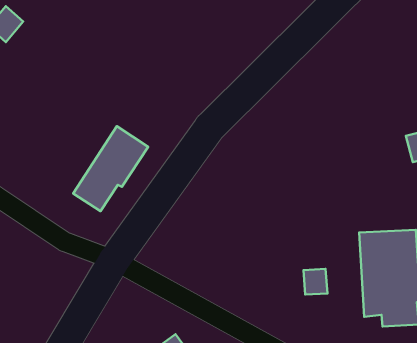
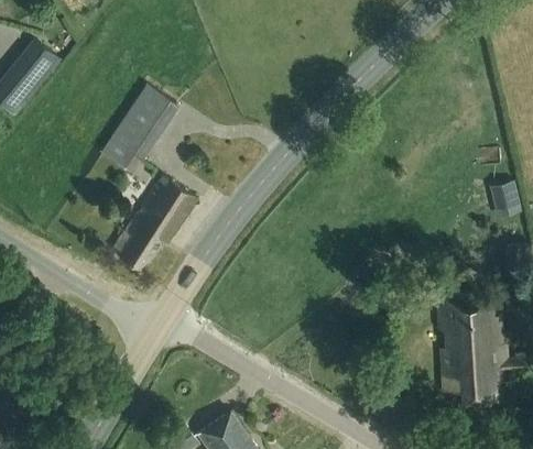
building: none -> [101,86,178,176]
building: [304,269,327,295] -> none

